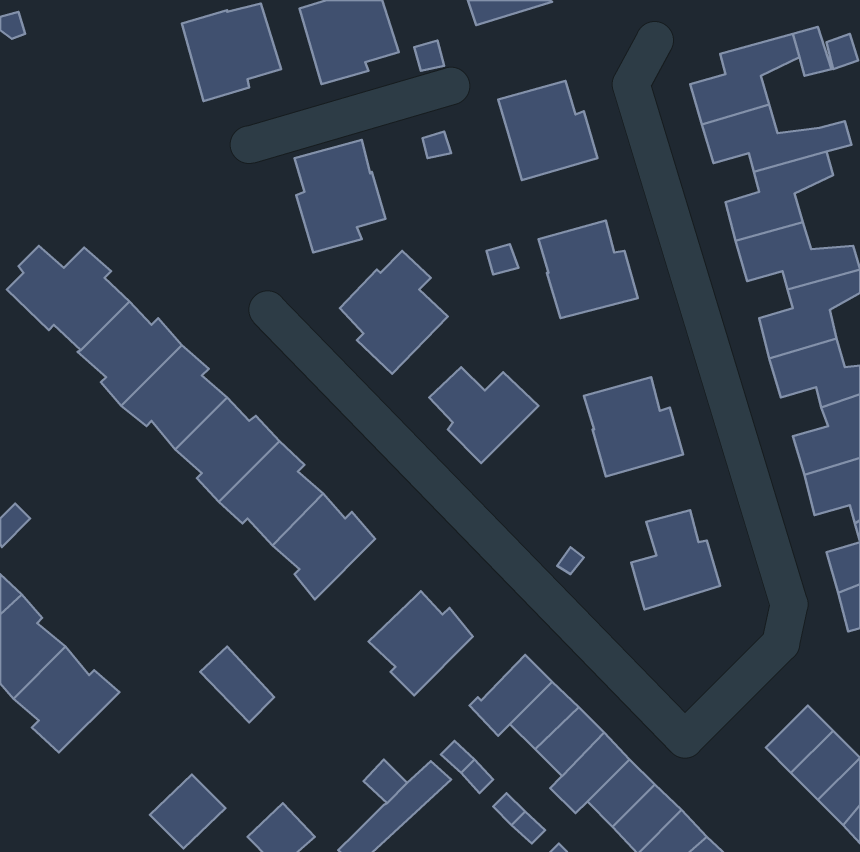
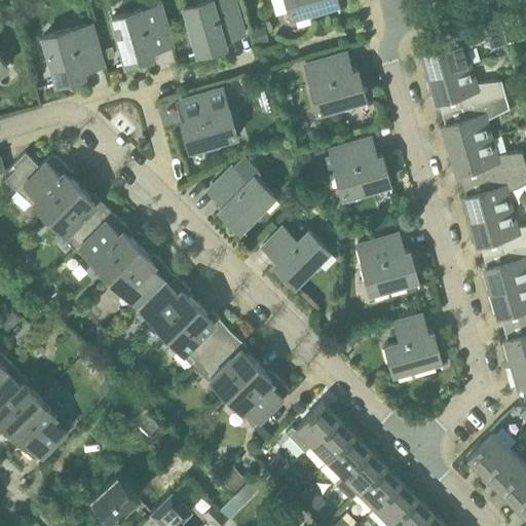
building: none -> [41,27,102,86]
building: none -> [192,334,257,397]

